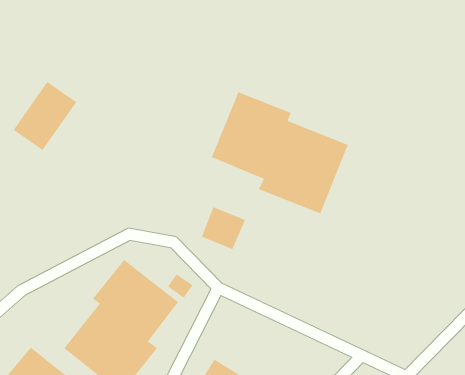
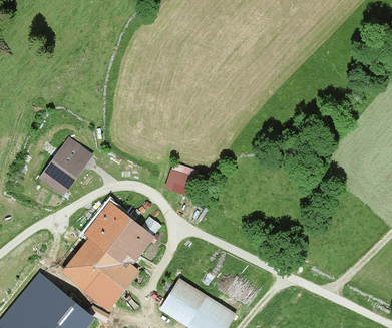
building: [13,81,77,151] -> [41,140,90,194]
building: [211,91,348,214] -> none

